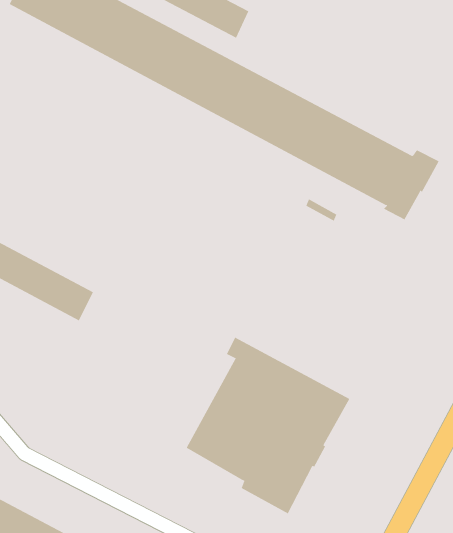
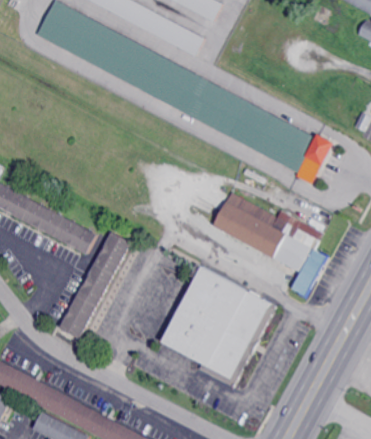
building: none -> [210,192,325,296]
building: none -> [59,231,130,337]

